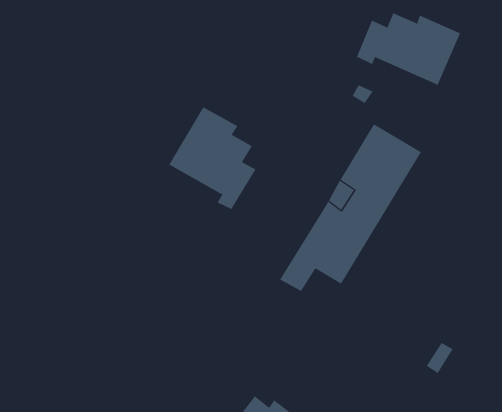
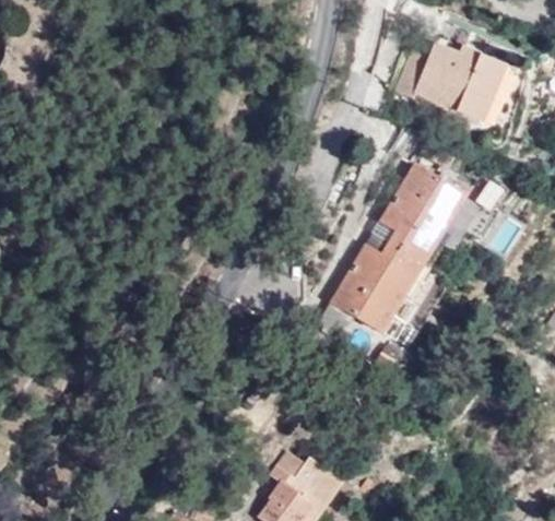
building: [169,106,256,210] -> none

